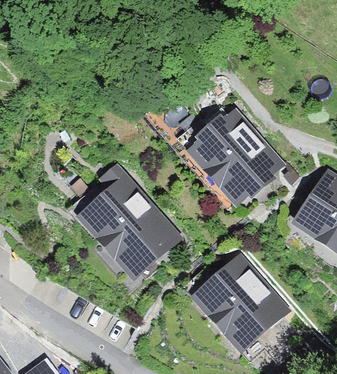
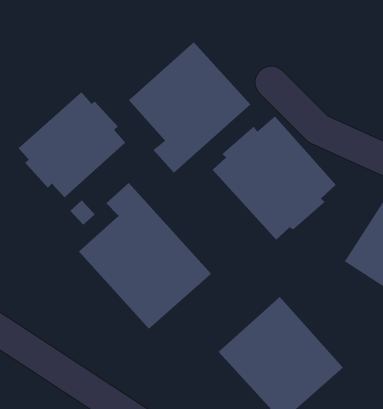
building: none -> [128,41,251,173]
building: none -> [18,92,126,198]

